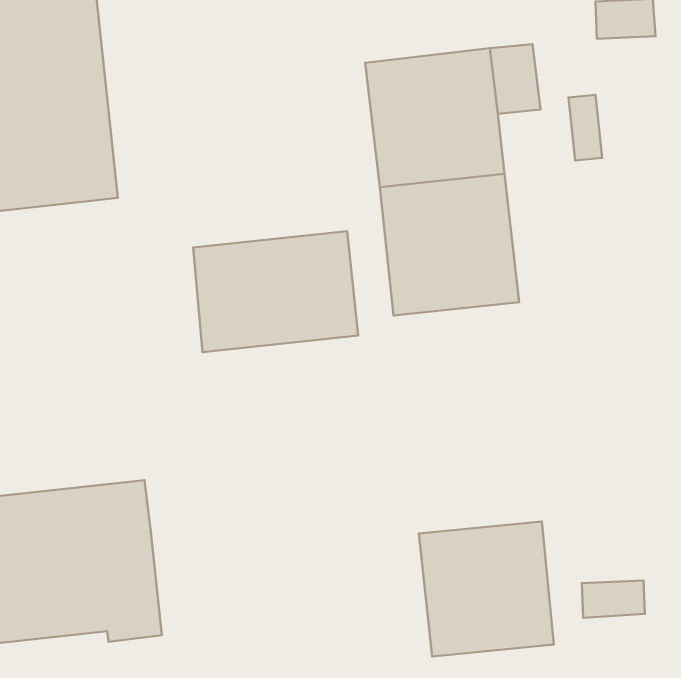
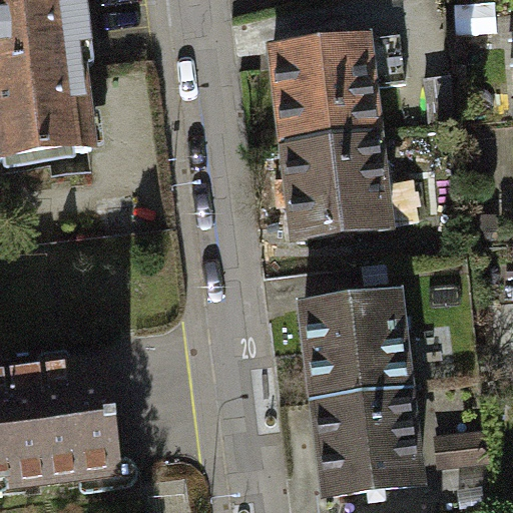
building: [193,231,358,352] -> none
building: none -> [305,296,406,400]

